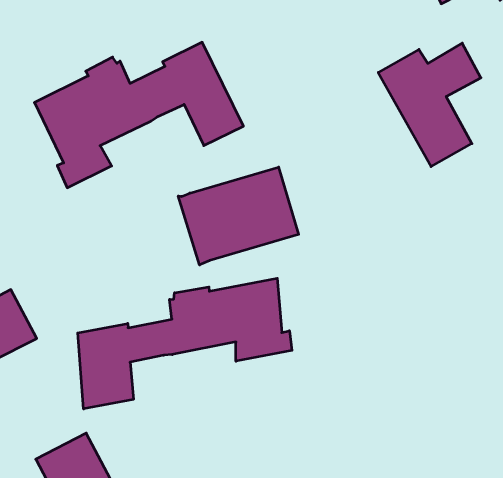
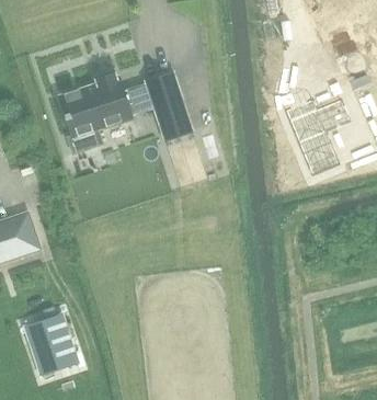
building: [178,167,299,265] -> none
building: [78,278,292,409] -> none

